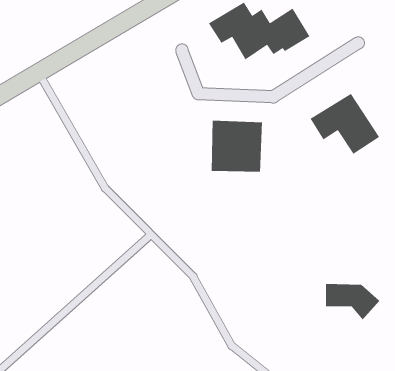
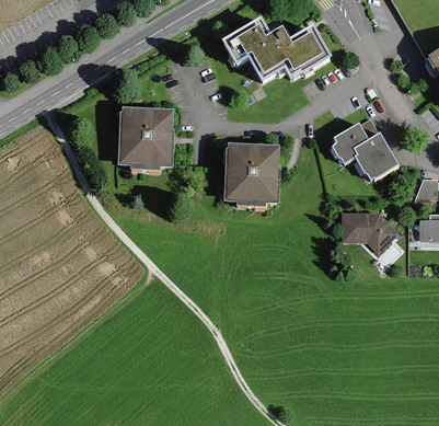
building: none -> [115,112,170,168]
building: [325,283,380,321] -> [337,212,395,252]

